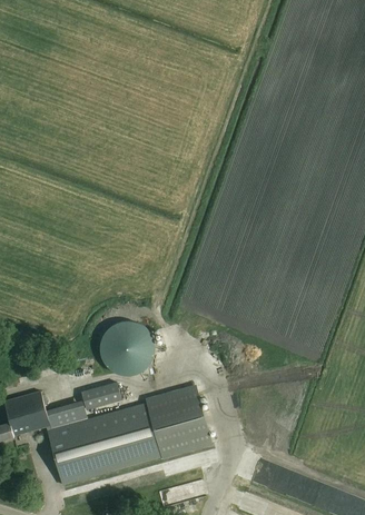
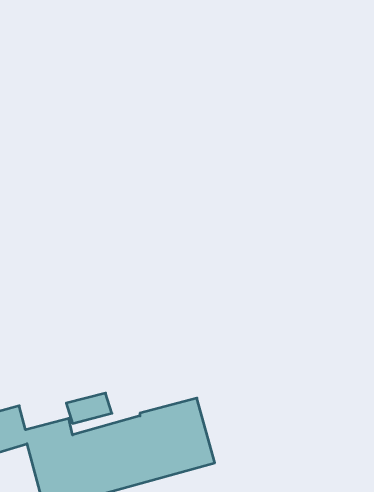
building: [99,320,154,375] -> none

